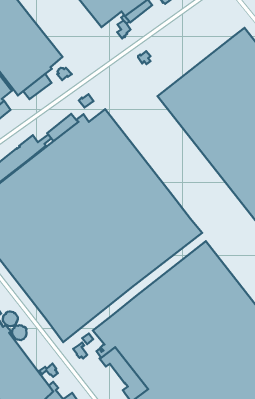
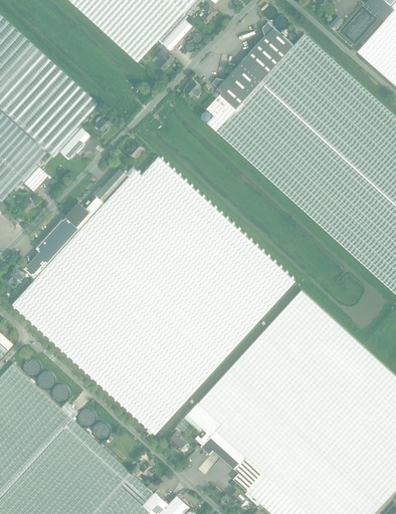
building: none -> [207,22,293,132]

